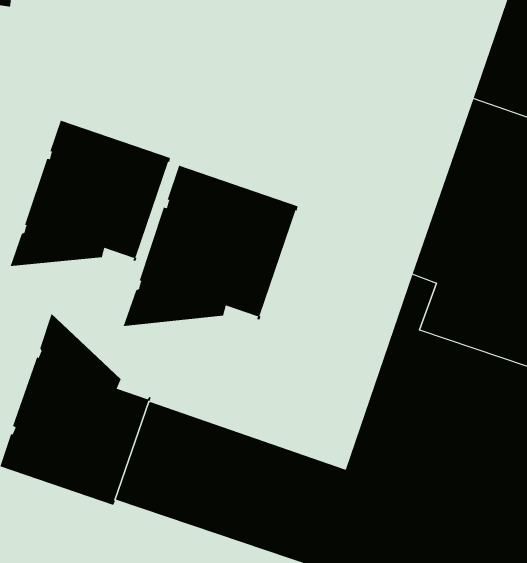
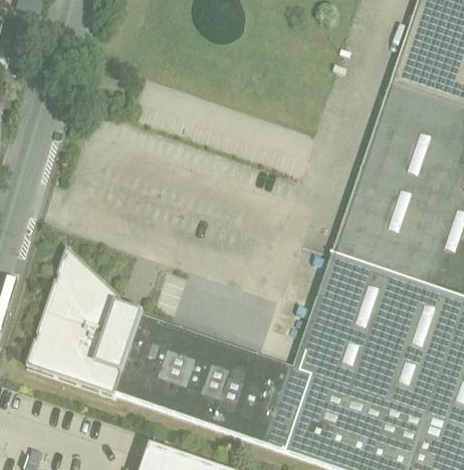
building: [10,120,171,267] -> none
building: [123,165,298,327] -> none

